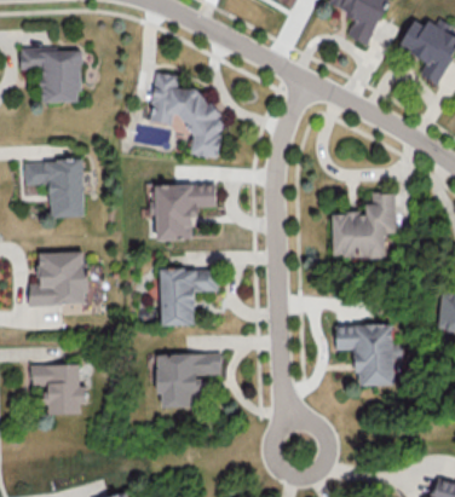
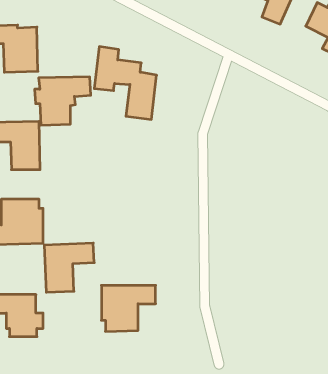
building: [150,184,217,241] -> [35,77,91,125]
building: [333,192,396,258] -> none
building: [160,267,219,325] -> [44,243,94,292]
building: [336,324,394,386] -> none

